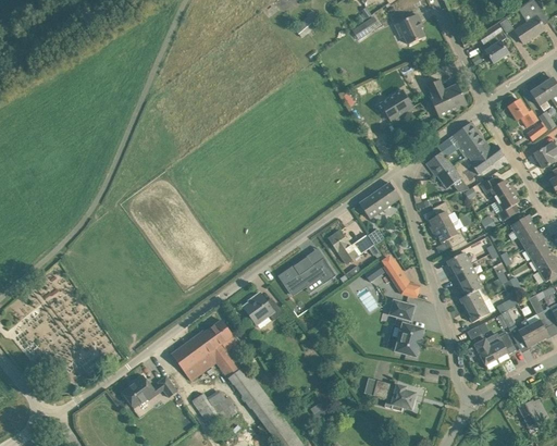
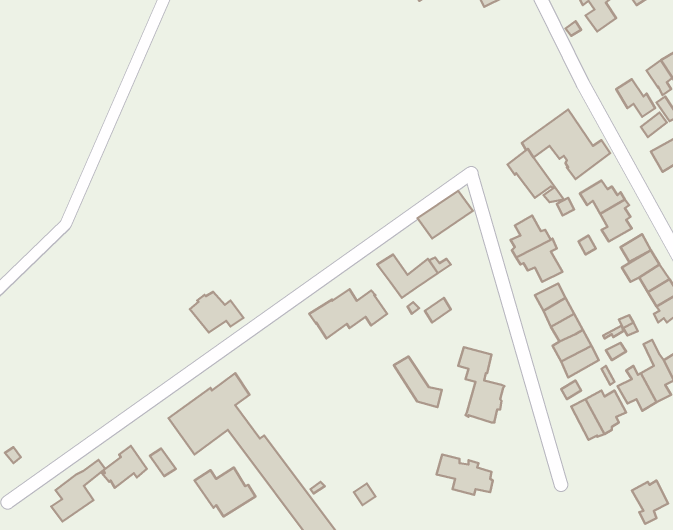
building: [426,79,466,116] -> none
building: [379,89,411,120] -> none
building: [383,259,419,297] -> [394,357,442,407]
building: [242,293,282,323] -> [190,292,244,332]
building: none -> [51,460,105,522]

